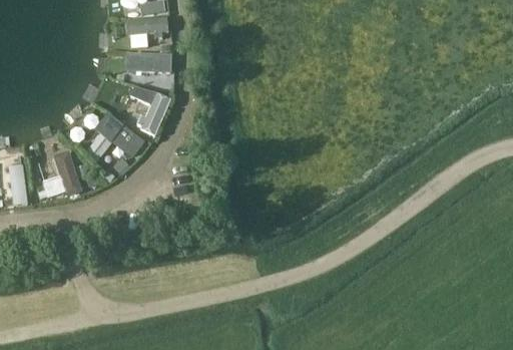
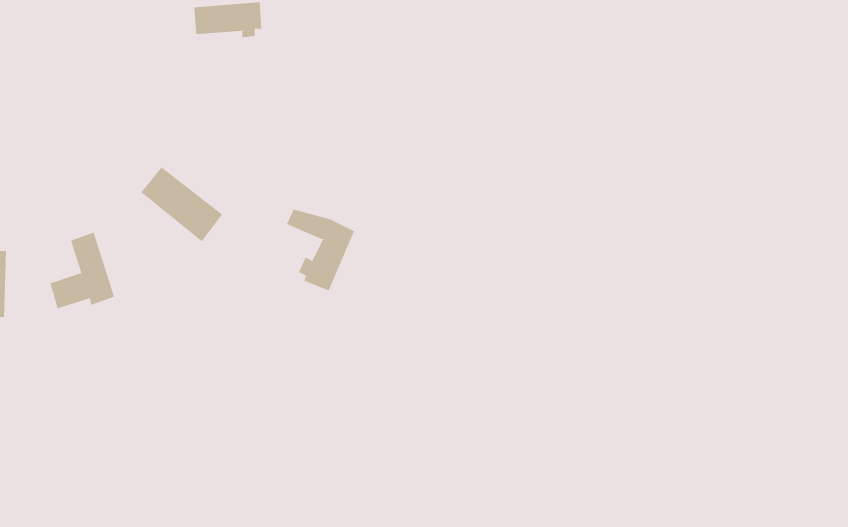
building: [129,53,172,74] -> none
building: [130,85,170,133] -> [286,209,355,291]

